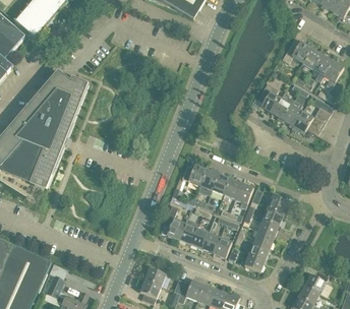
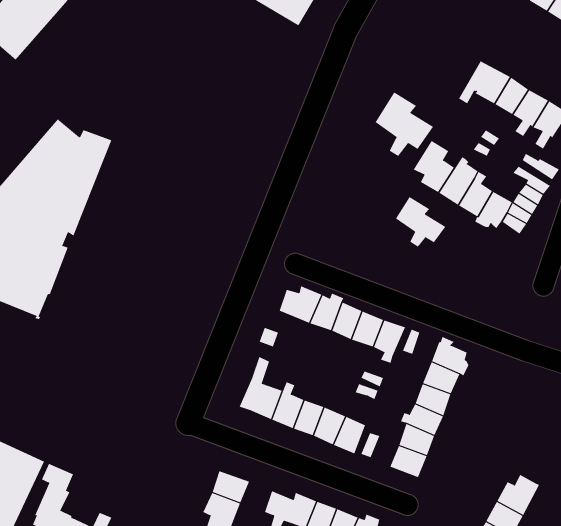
building: none -> [375,92,434,157]
building: none -> [395,196,446,247]

